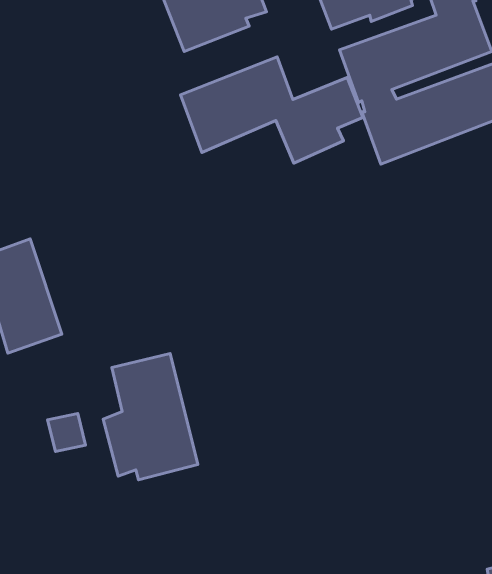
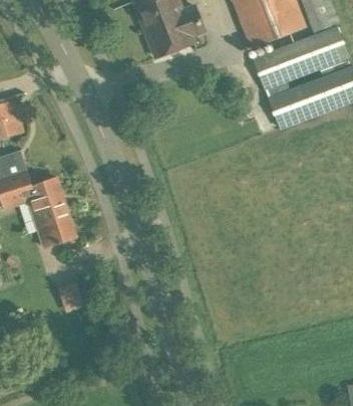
building: [180,57,363,163] -> none
building: [103,353,198,480] -> none

